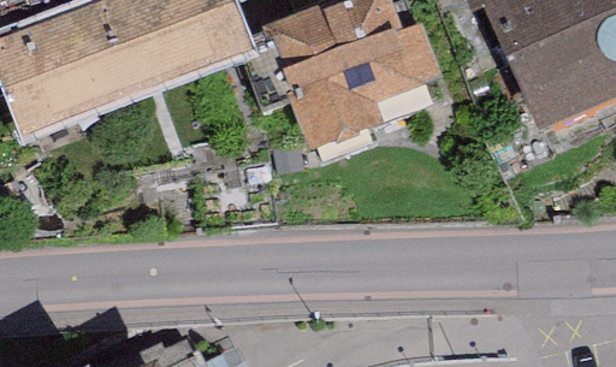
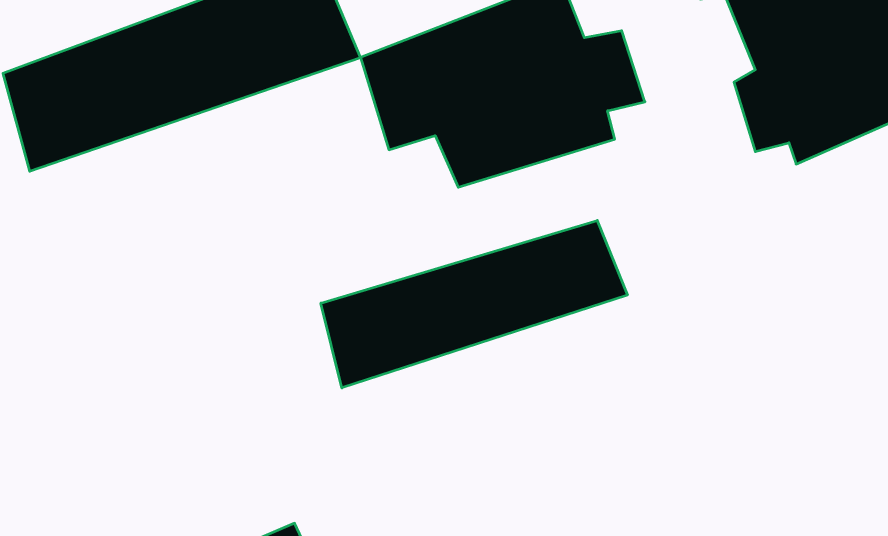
building: none -> [321,220,627,388]

